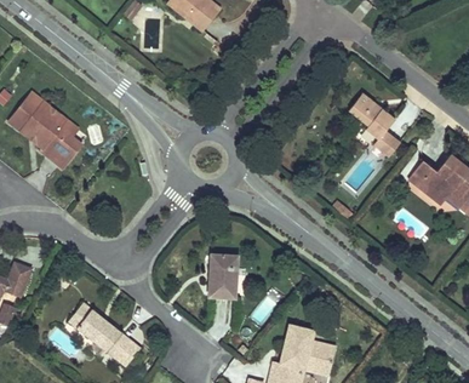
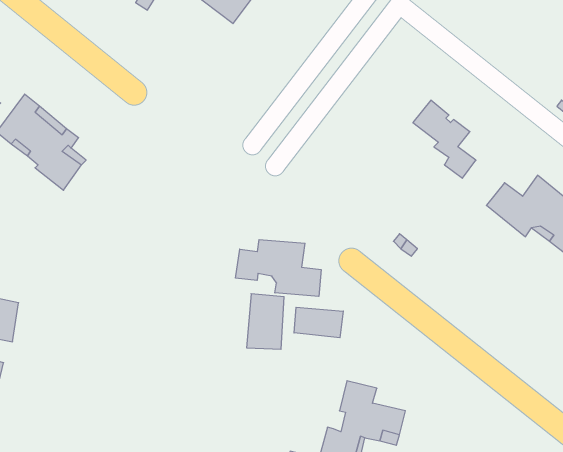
building: none -> [236,240,321,296]
building: none -> [294,307,343,338]
building: [69,302,142,367] -> none

